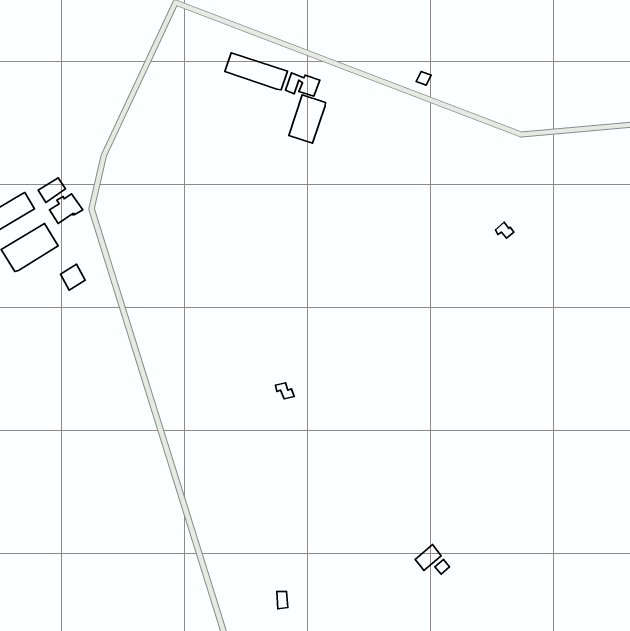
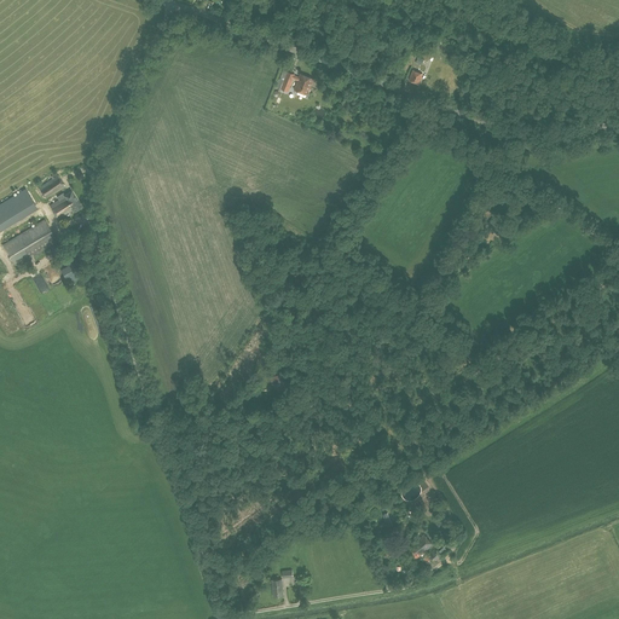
building: [225,53,287,90] -> none
building: [289,95,326,143] -> none

